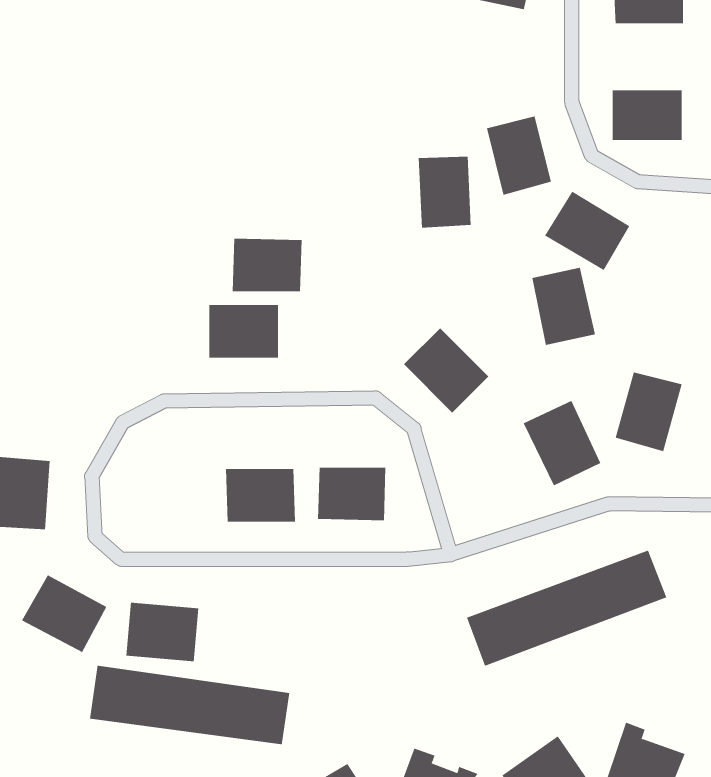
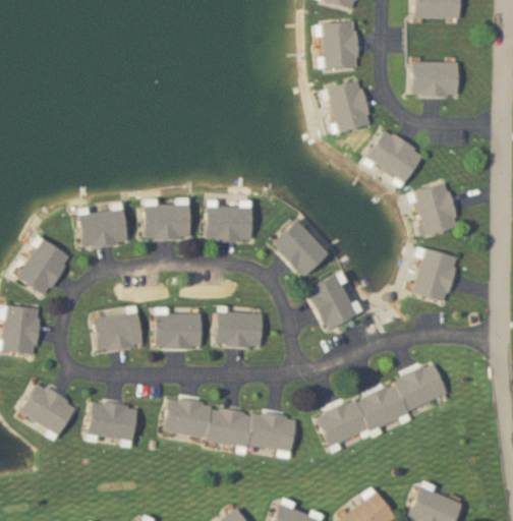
building: [418,156,472,228] -> [322,21,357,69]
building: [232,238,302,292] -> [206,206,252,241]
building: [531,267,596,345] -> [415,183,458,235]
building: none -> [78,210,126,248]
building: none -> [16,239,69,295]
building: [523,400,601,486] -> [306,274,358,331]
building: none -> [93,312,142,352]
building: [89,665,290,745] -> [163,400,296,453]

